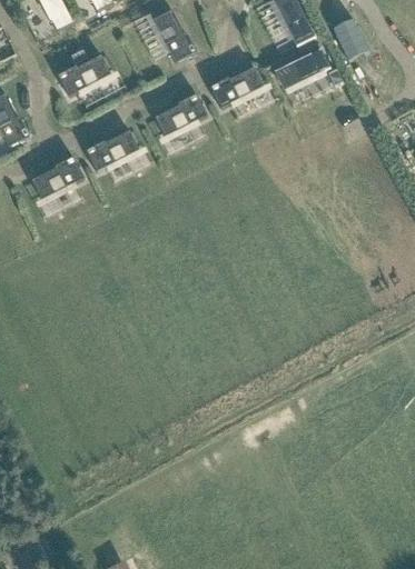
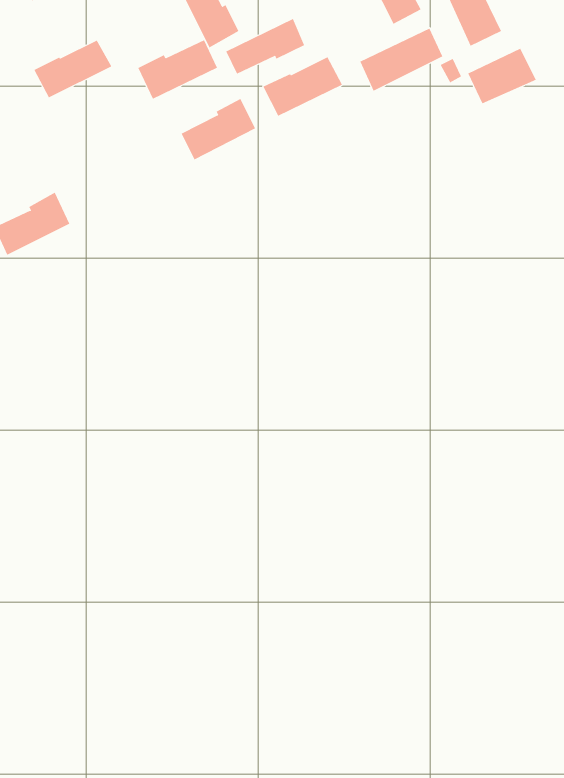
building: none -> [226,18,305,74]
building: none -> [467,48,536,104]
building: [85,131,138,171] -> [137,39,218,100]

